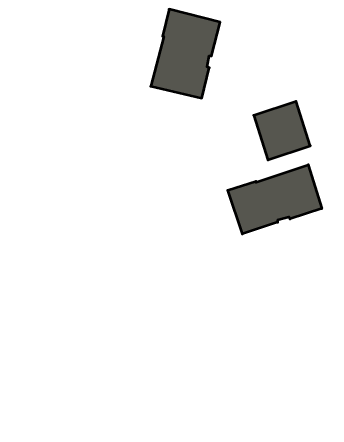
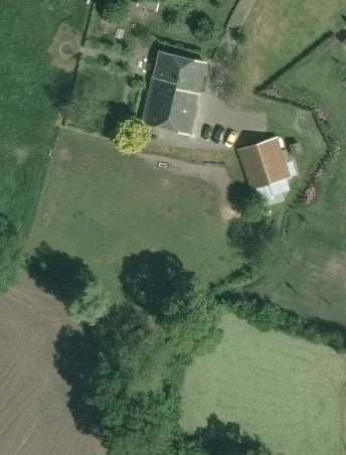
building: [228,165,322,234] -> none

